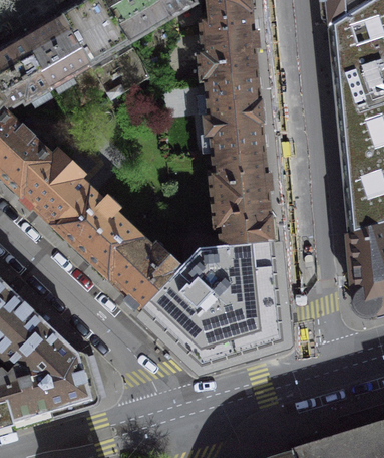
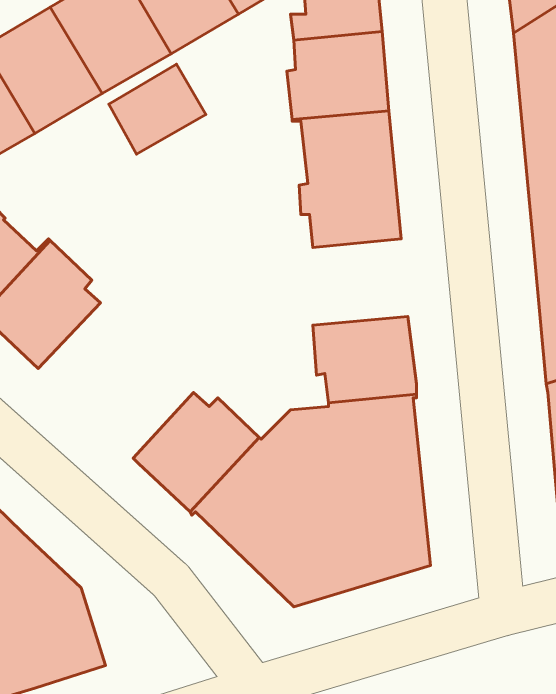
building: [210,150,268,200] -> none
building: [53,187,143,277] -> none

